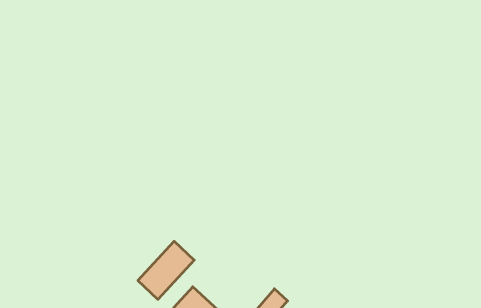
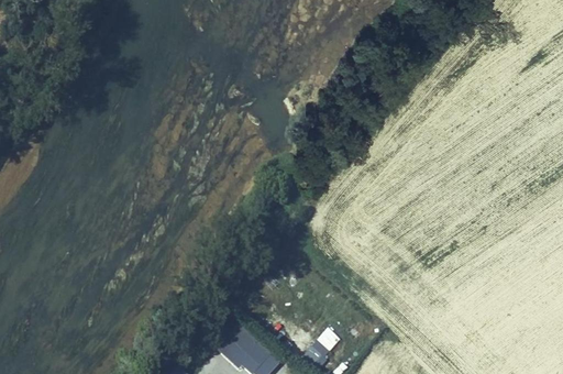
building: [138,241,194,299] -> none

